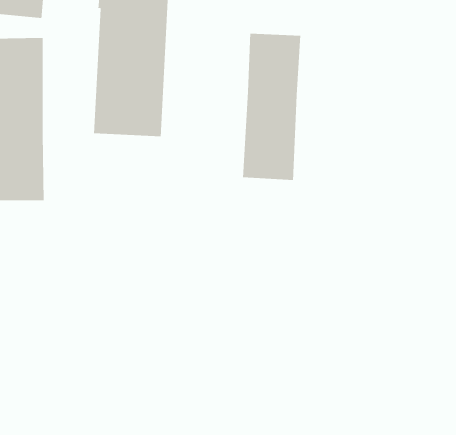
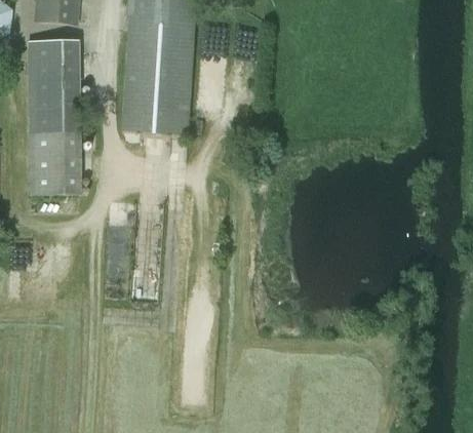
building: [242,33,301,181] -> none

